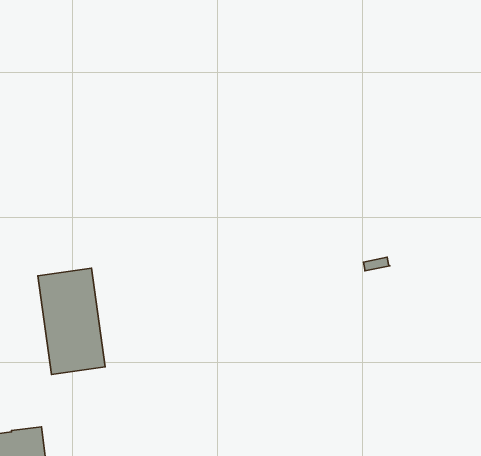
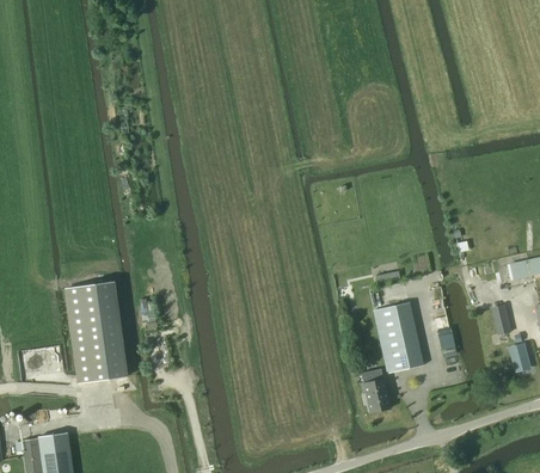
building: none -> [375,303,418,371]
building: none -> [363,374,391,412]

